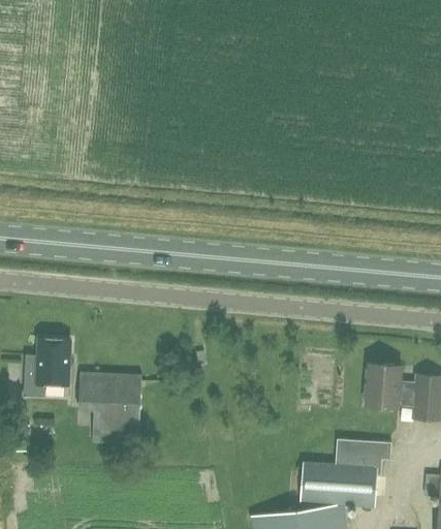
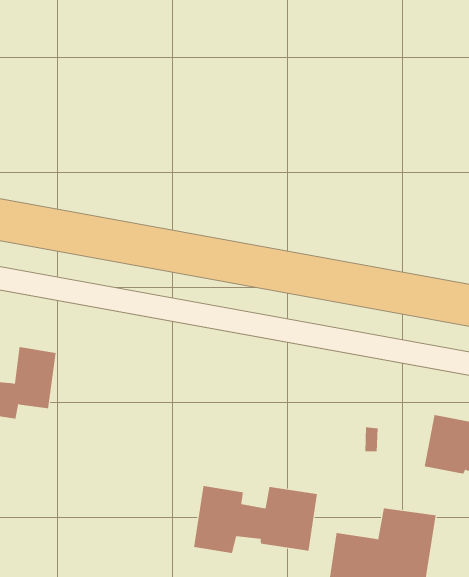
building: [78,373,143,443] -> none
building: none -> [193,485,317,554]

